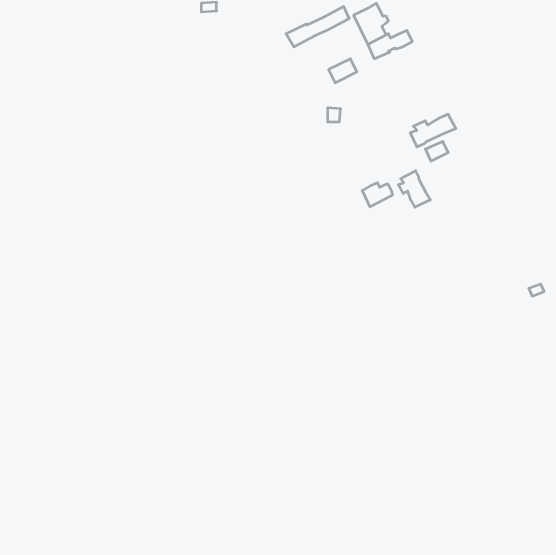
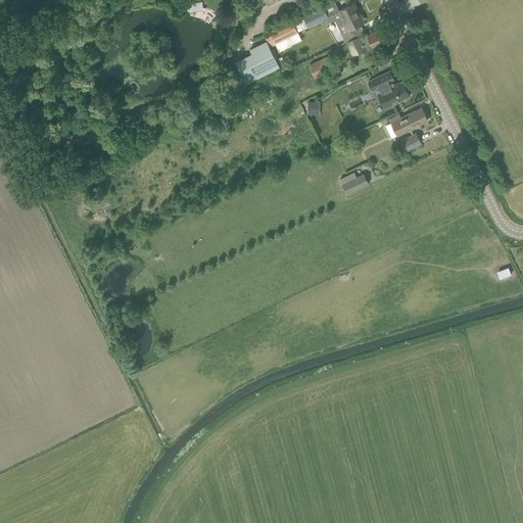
building: none -> [235,41,280,84]
building: none -> [368,72,410,104]
building: [398,171,430,207] -> none

